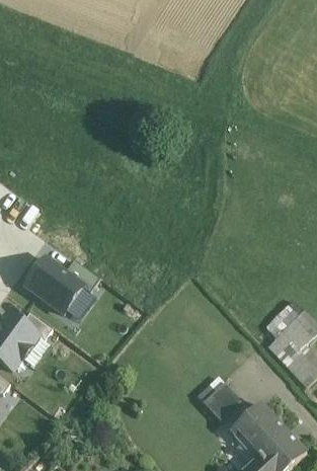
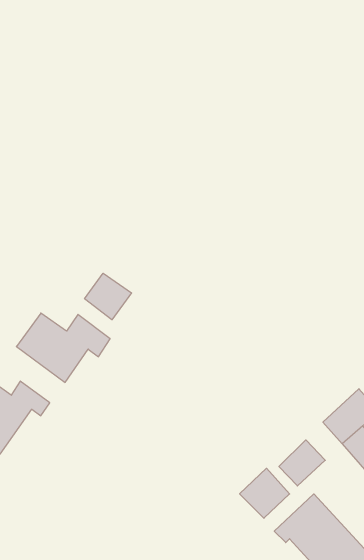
building: none -> [85,273,132,320]
building: none -> [279,440,325,486]

